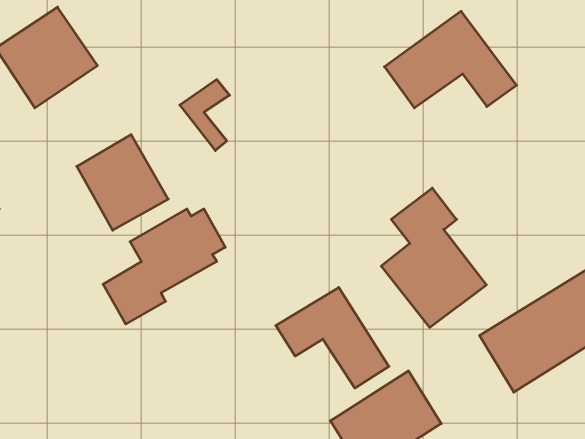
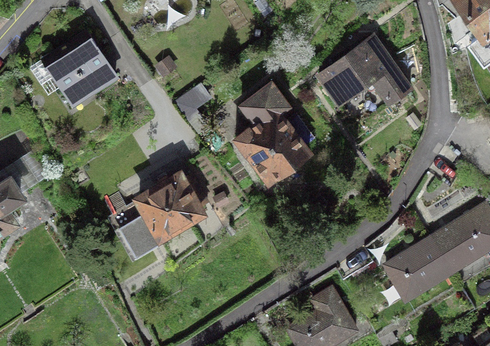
building: [77,135,168,230] -> none
building: [381,188,486,327] -> [235,84,309,182]
building: [276,287,389,388] -> none

